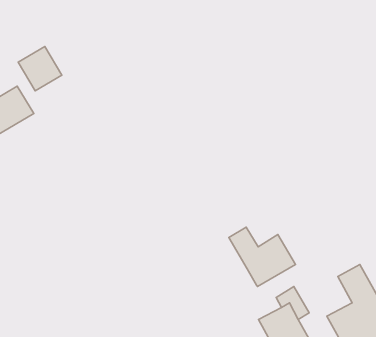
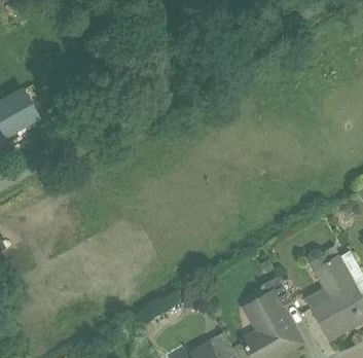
building: [18,47,62,91] -> none
building: [229,227,295,287] -> none

